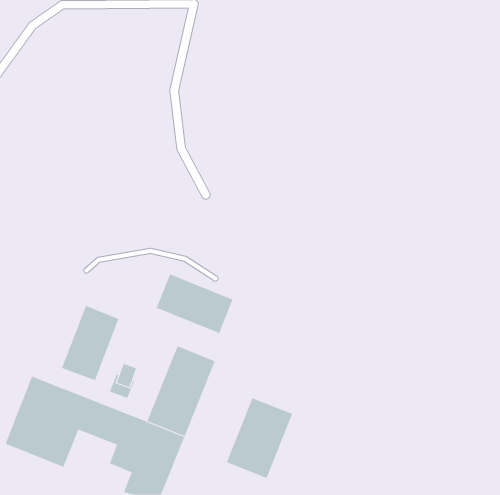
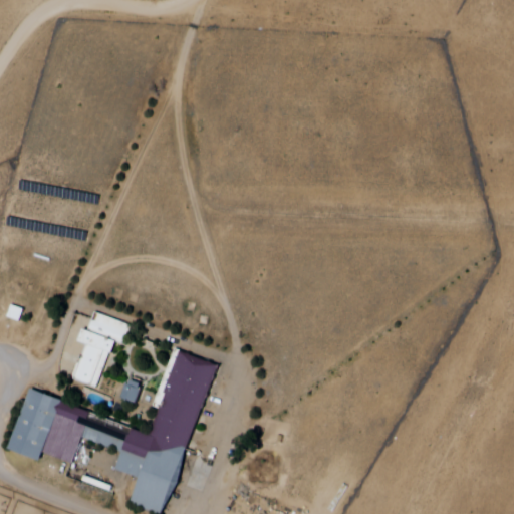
building: [156,274,233,334] -> none
building: [226,397,293,479] -> none

